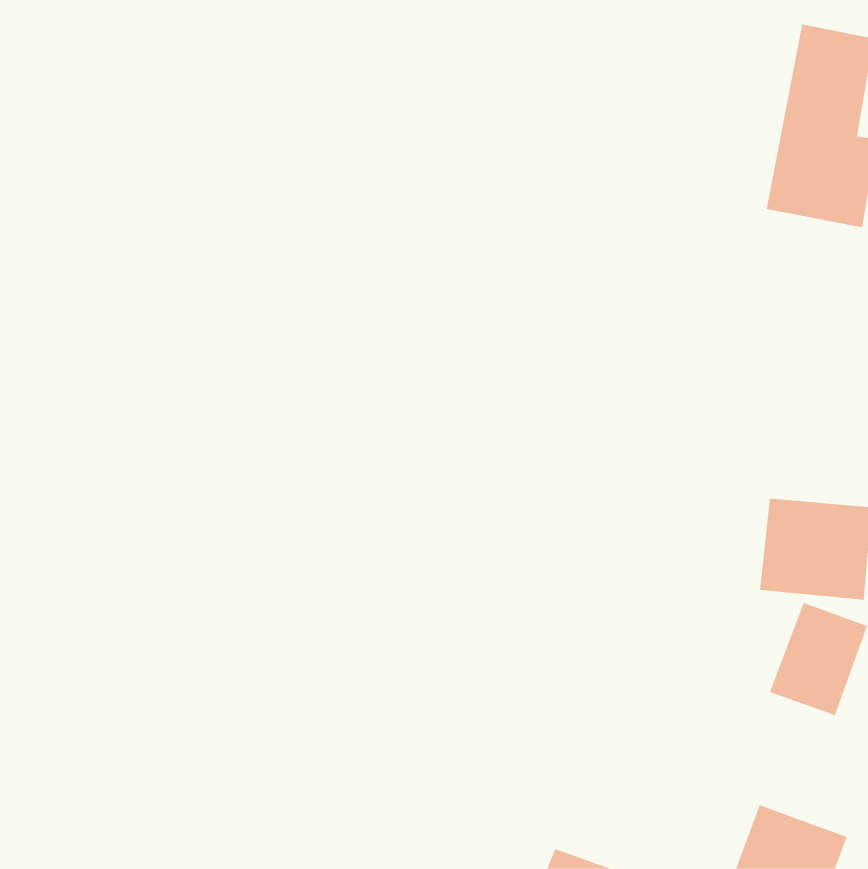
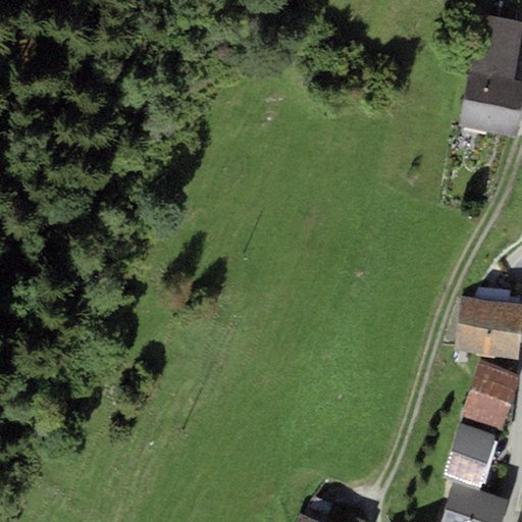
building: none -> [447,426,493,485]

